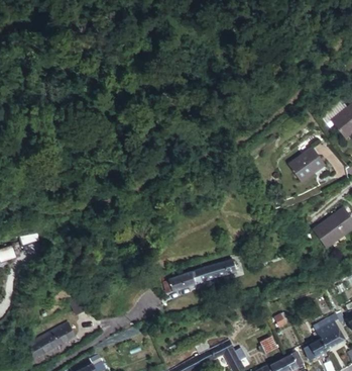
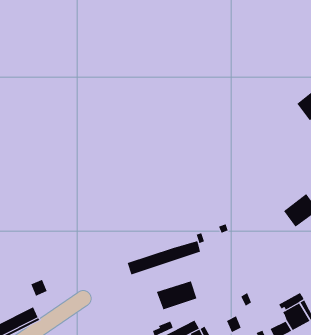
building: [285,148,321,182] -> none
building: none -> [156,280,197,310]

